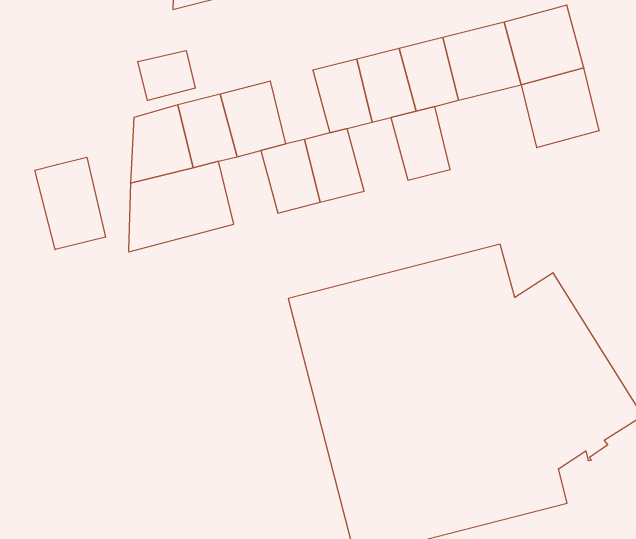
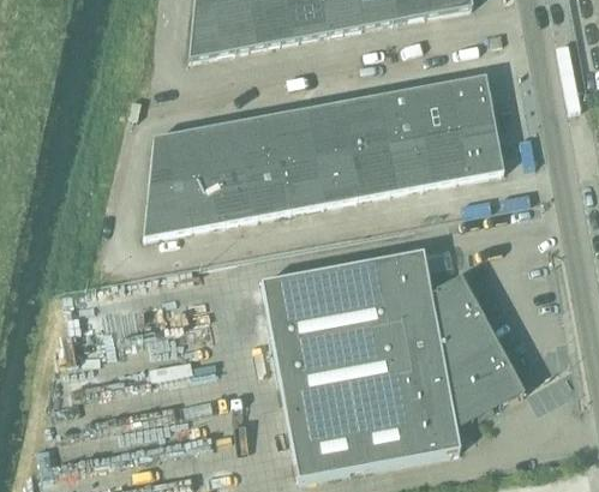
building: [138,51,195,100] -> none
building: none -> [259,109,301,163]
building: none -> [382,131,456,191]
building: none -> [315,149,358,203]
building: none -> [216,167,258,221]
building: [35,157,105,250] -> none

